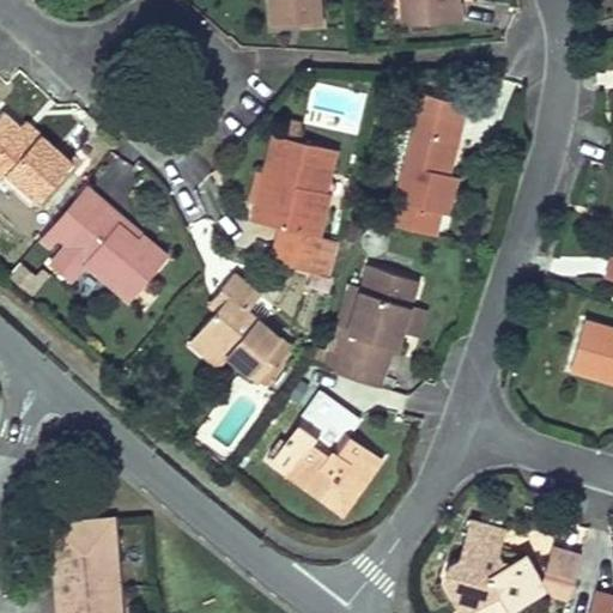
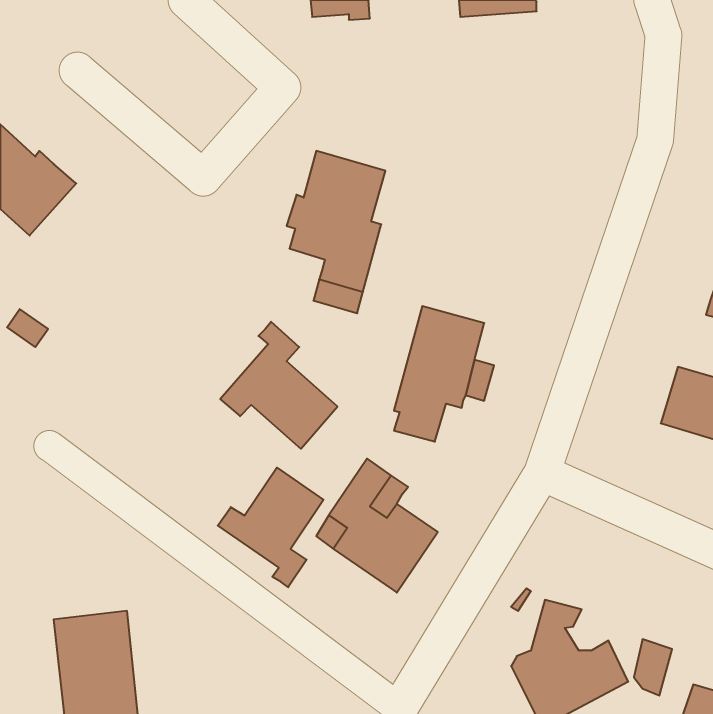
building: [390,91,472,236] -> none
building: [44,198,168,305] -> none
building: none -> [218,468,323,587]

